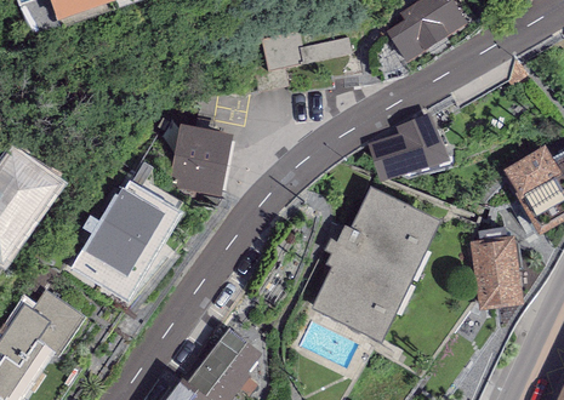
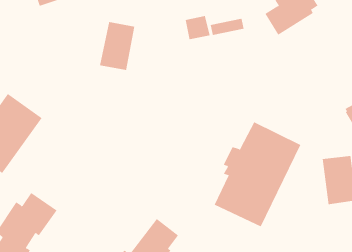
building: [369,112,449,181] -> none
building: [181,127,233,199] -> [99,21,135,71]
building: [72,179,183,301] -> none

